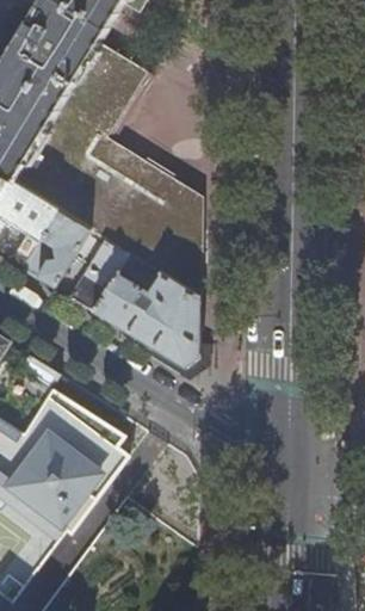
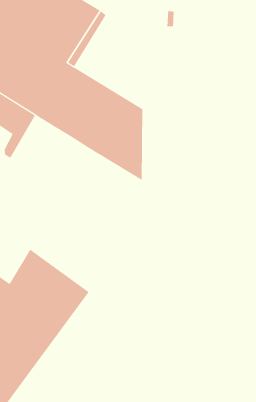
building: [24,210,89,288] -> none
building: [69,239,200,368] -> none

